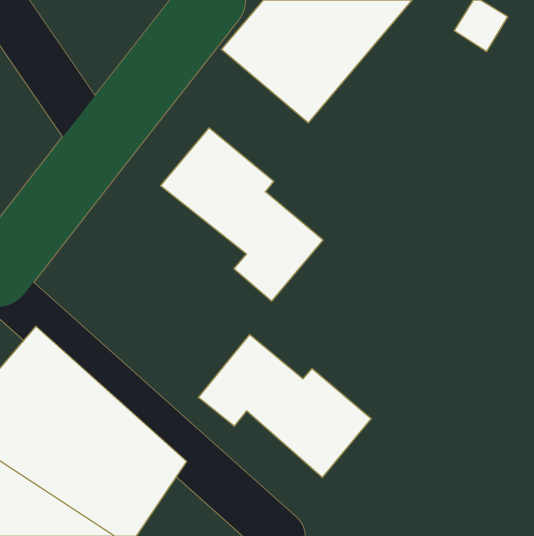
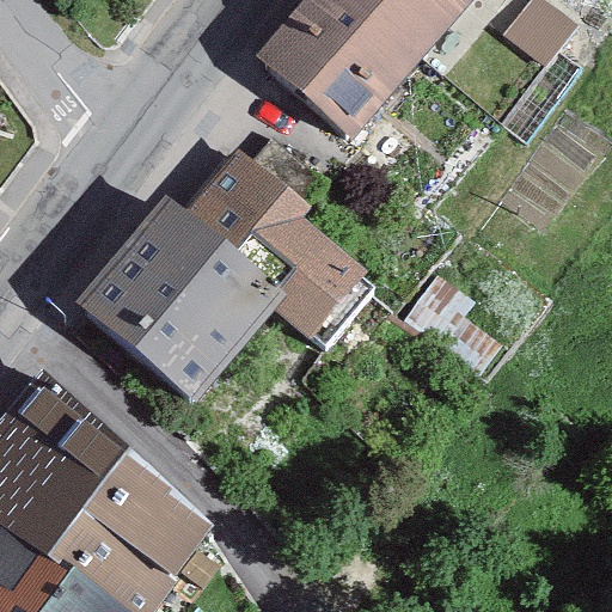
building: none -> [76,197,281,399]
building: [198,335,371,478] -> none

